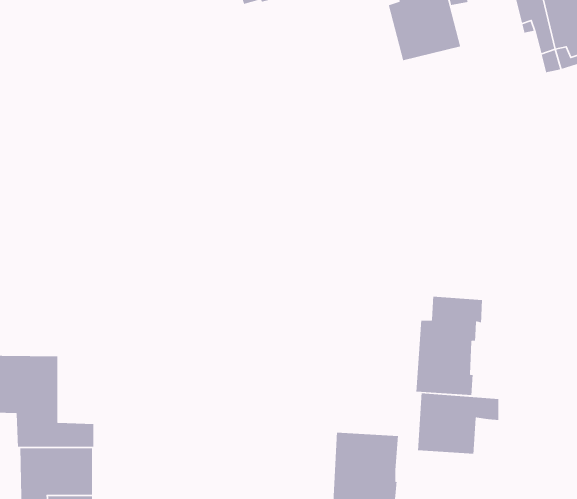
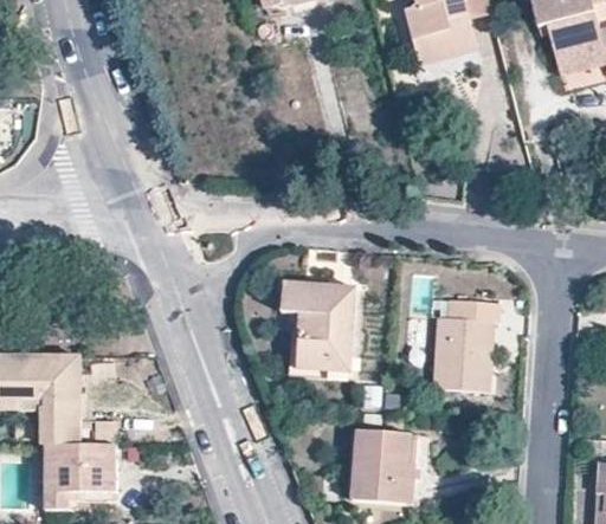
building: none -> [282,280,356,371]
building: [417,392,499,455] -> none

